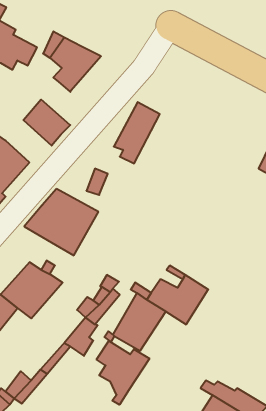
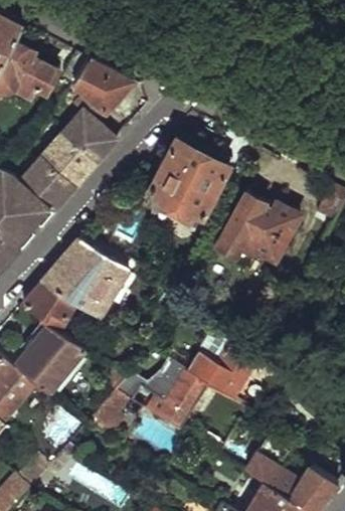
building: none -> [62,114,117,165]
building: none -> [172,152,230,220]
building: none -> [20,159,74,213]
building: none -> [218,191,302,263]
building: none -> [22,285,74,320]
building: [97,341,149,405] -> none

